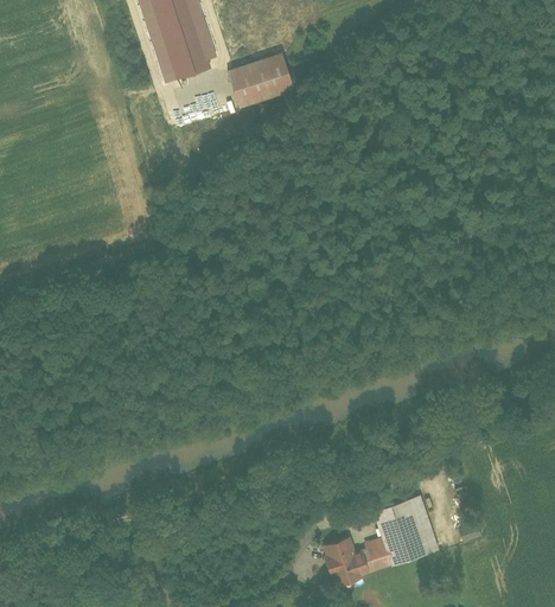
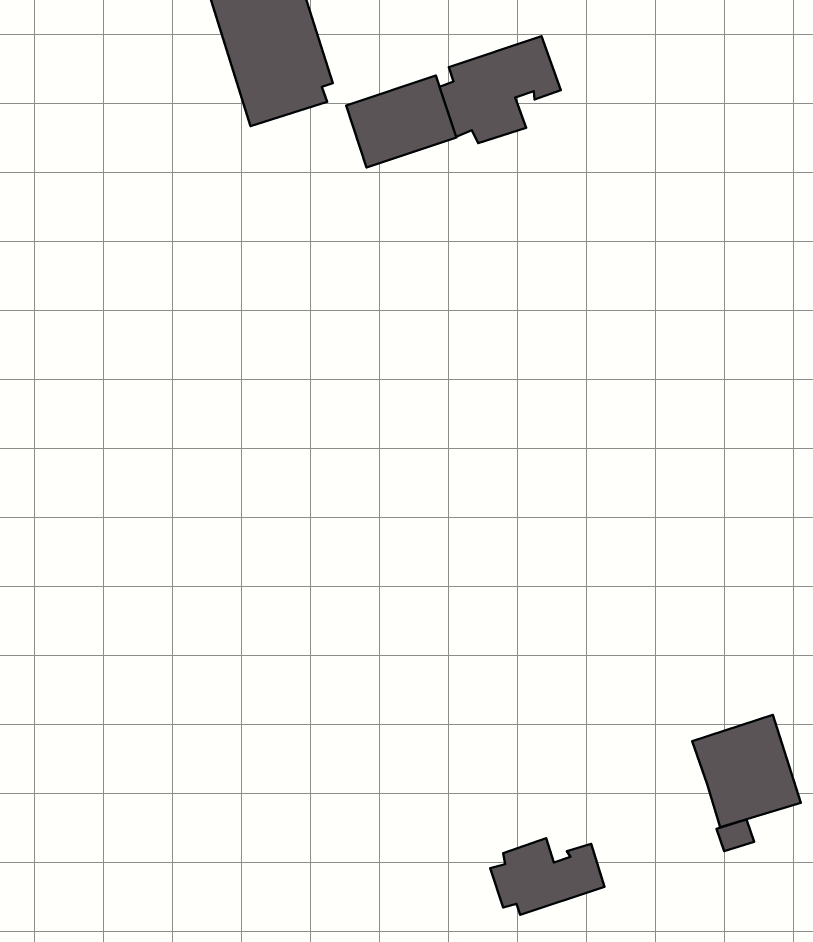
building: none -> [440,36,561,143]
building: [371,493,440,564] -> [692,715,801,827]

